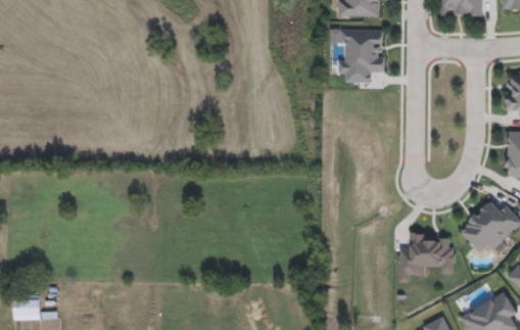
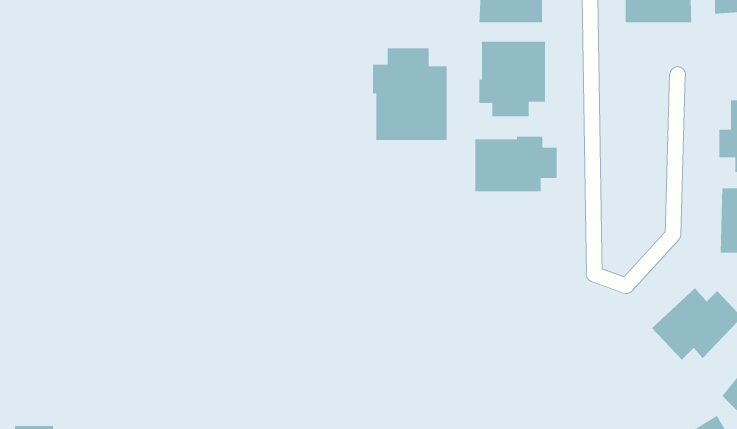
building: none -> [372,48,448,141]
building: none -> [475,136,558,192]
building: [399,232,456,282] -> none

